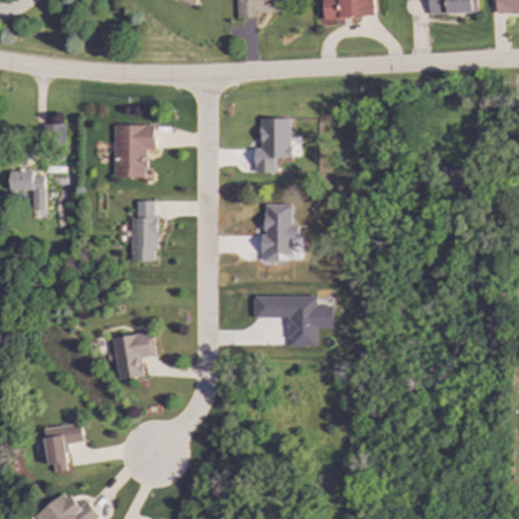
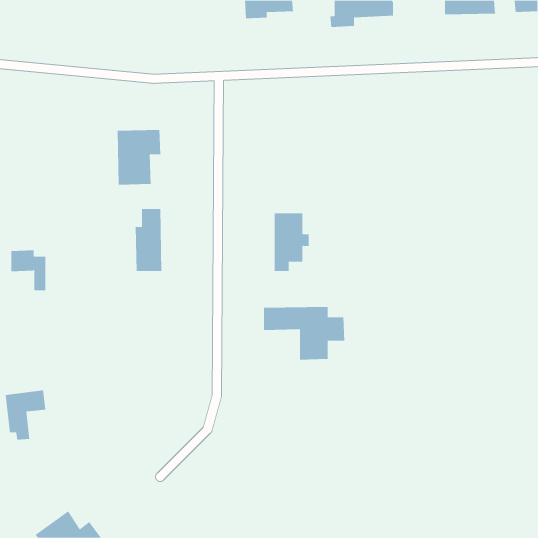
building: [254,119,291,173] -> none
building: [9,170,44,210] -> [10,250,46,291]
building: [113,331,155,380] -> none
building: [44,424,83,472] -> [5,390,46,440]

